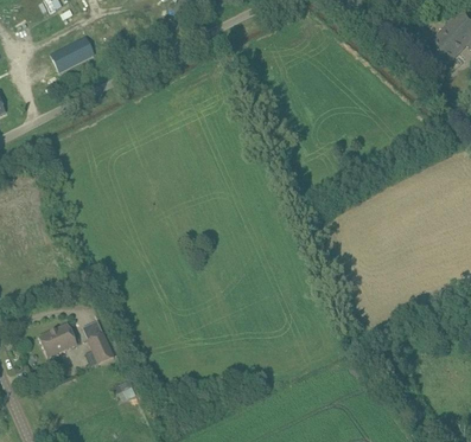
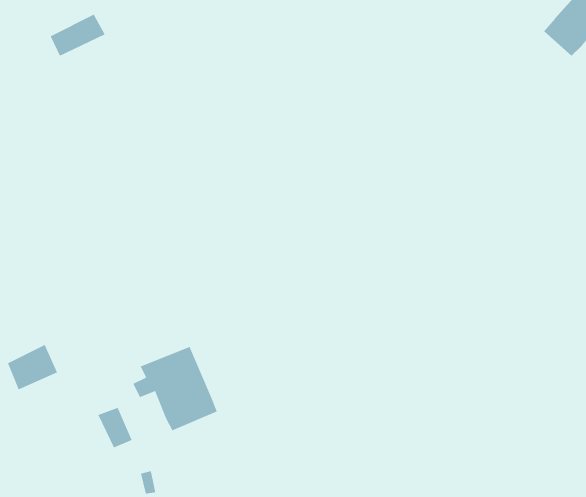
building: none -> [132,346,218,431]
building: [38,322,76,357] -> [7,344,58,390]

